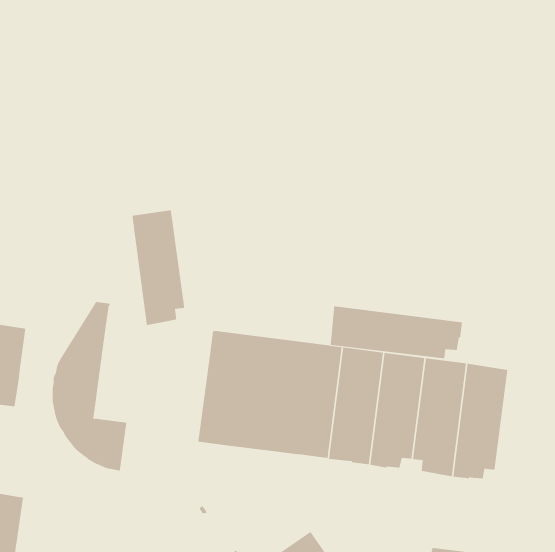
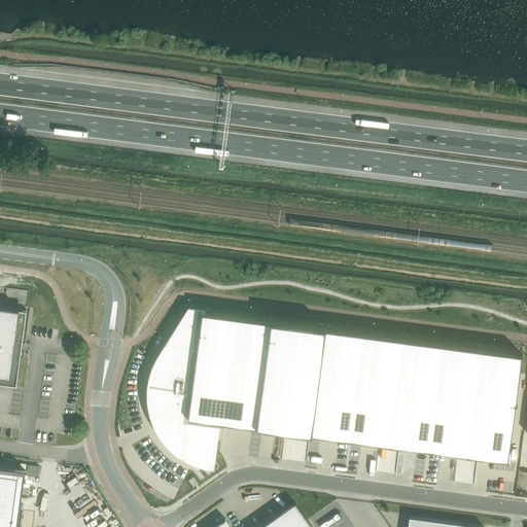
building: [132,210,185,326] -> none
building: [52,301,127,472] -> [146,312,217,472]
building: [330,306,463,359] -> none
building: none -> [467,354,520,465]

